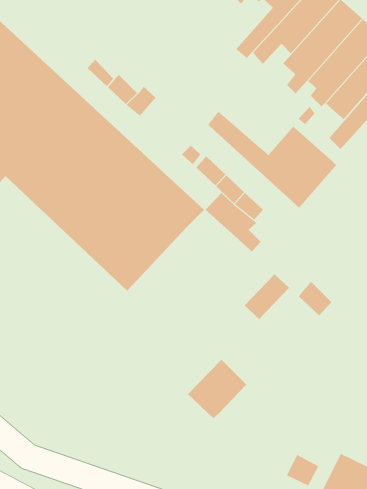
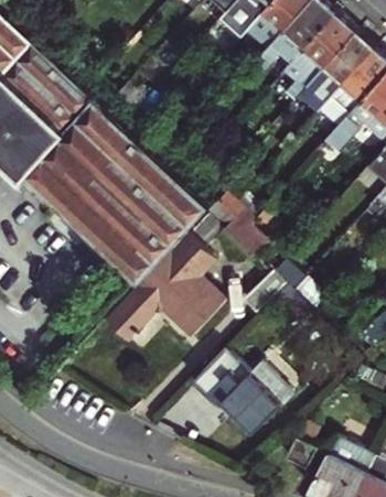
building: [208,111,337,208] -> none
building: none -> [107,228,228,336]
building: none -> [222,364,290,433]

